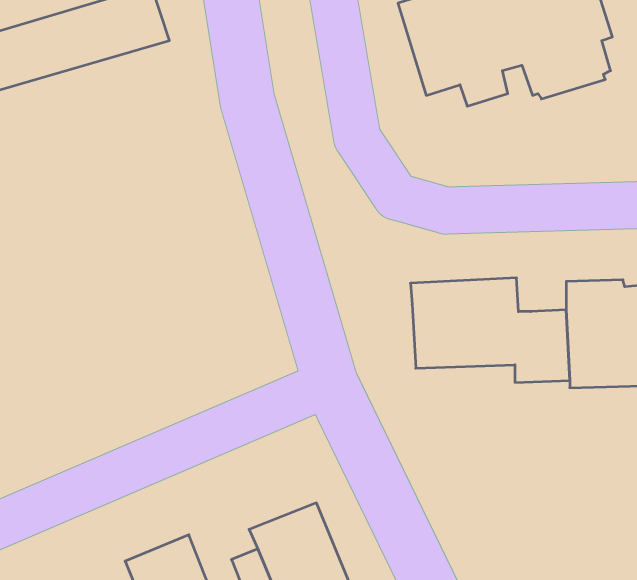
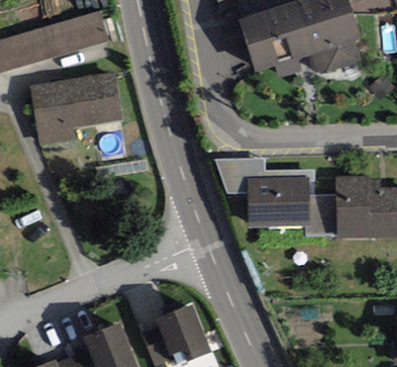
building: none -> [30,73,121,146]
building: none -> [215,159,314,195]

